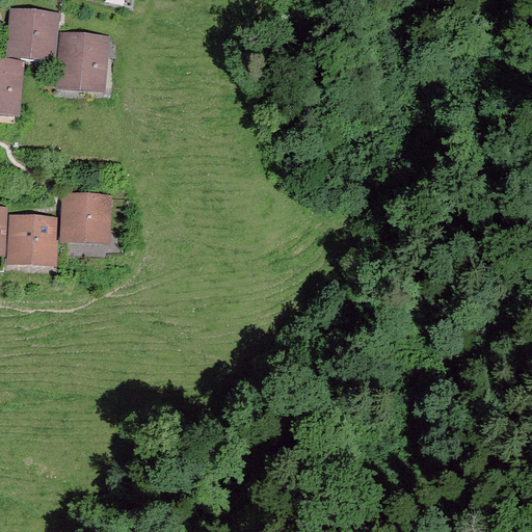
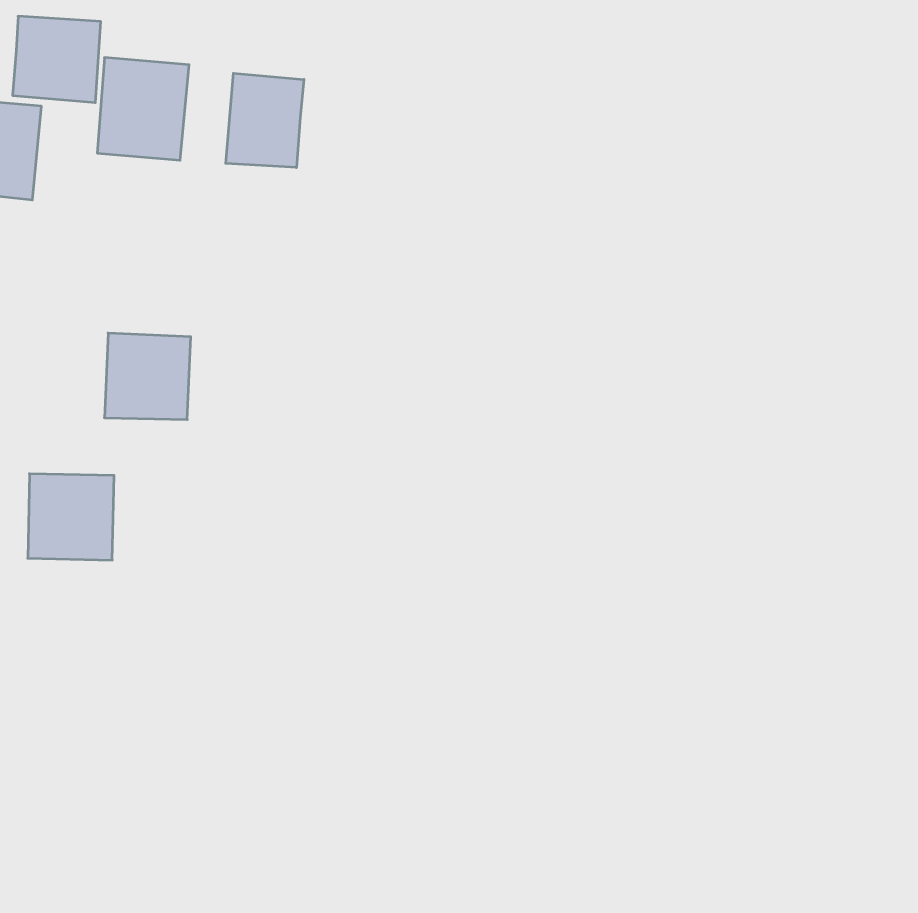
building: none -> [226,73,304,168]
building: [7,214,57,264] -> [28,474,114,560]

